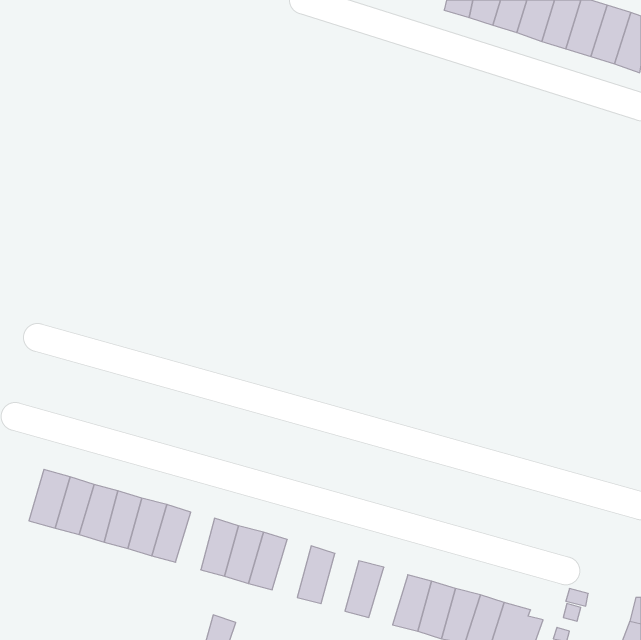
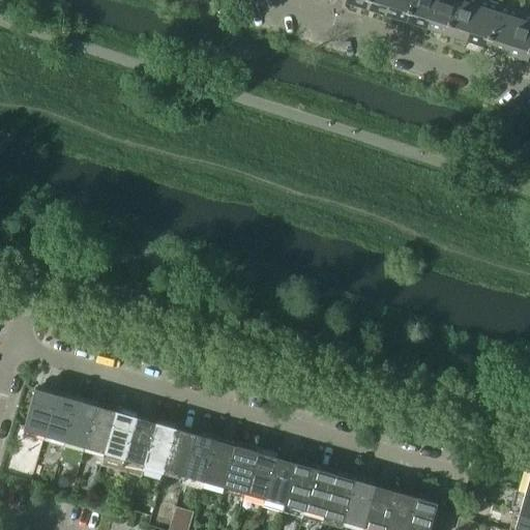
building: none -> [145,423,177,471]
building: none -> [225,446,257,494]
building: none -> [265,458,296,505]
building: none -> [304,469,336,517]

